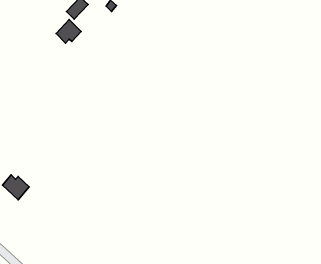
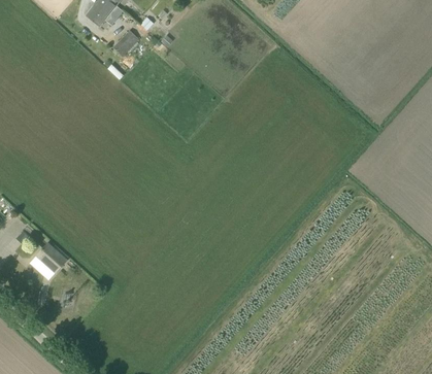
building: [56,19,81,43] -> none

